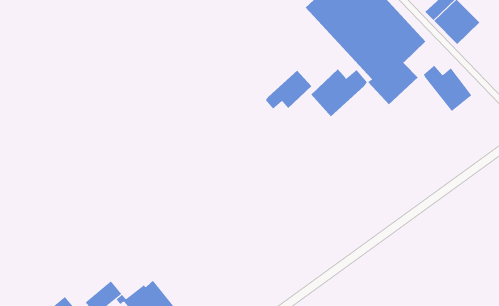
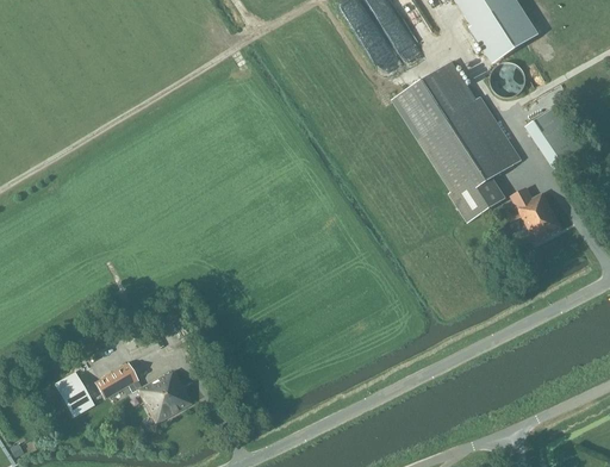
building: [311,69,367,117] -> none
building: [265,70,312,110] -> none

